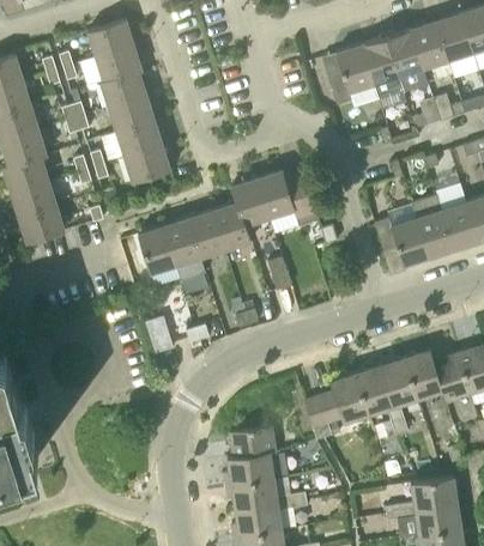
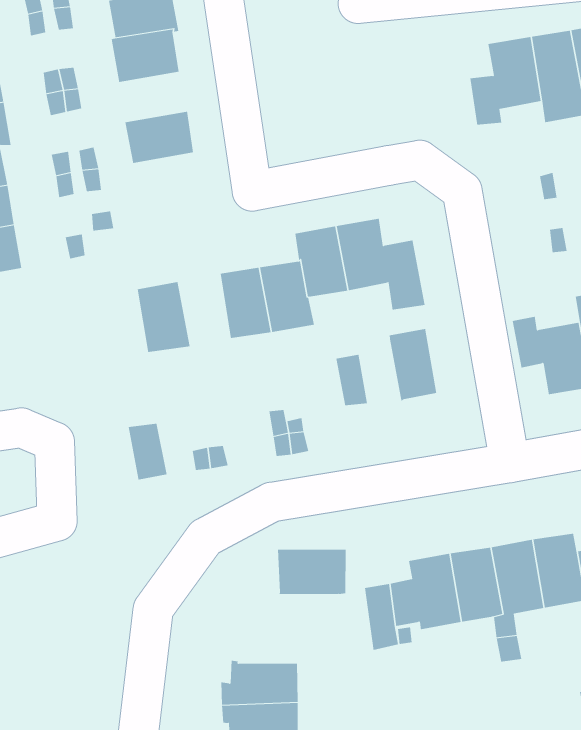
building: [109,97,155,133] -> none
building: [125,146,170,183] -> none
building: [163,219,205,283] -> none
building: none -> [389,328,437,402]
building: [228,426,274,460] -> [277,549,347,594]

